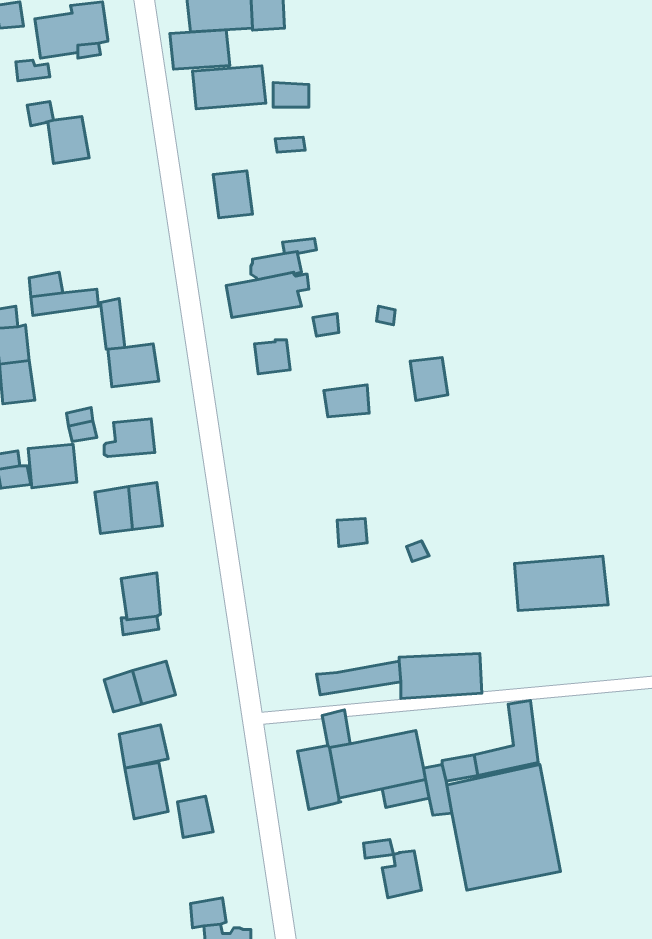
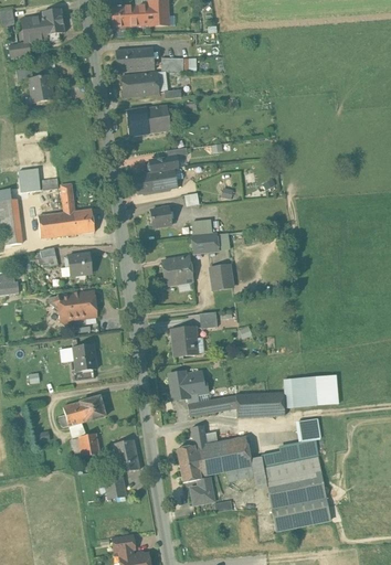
building: [170,30,230,69] -> [123,72,158,95]
building: none -> [146,104,171,132]
building: [410,357,448,401] -> [210,264,232,289]
building: none -> [161,255,192,285]
building: [28,445,77,488] -> [38,212,66,237]
building: none -> [171,327,203,355]
building: [514,556,608,611] -> [283,374,338,406]
building: none -> [168,371,208,403]
building: [125,763,168,819] -> [114,439,139,472]
building: [382,851,422,898] -> [190,477,213,504]

